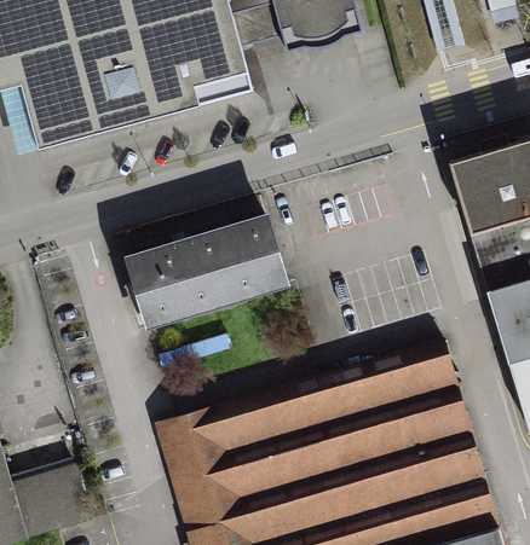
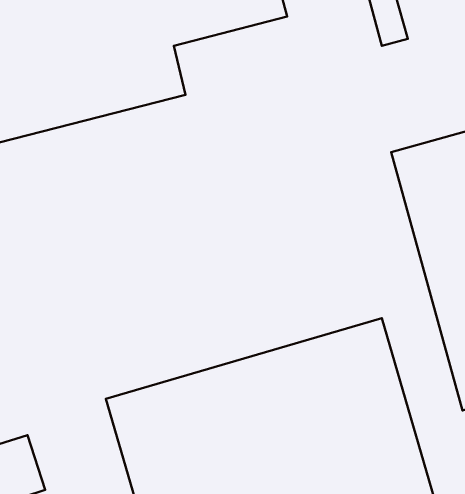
building: [127,218,290,331] -> none

